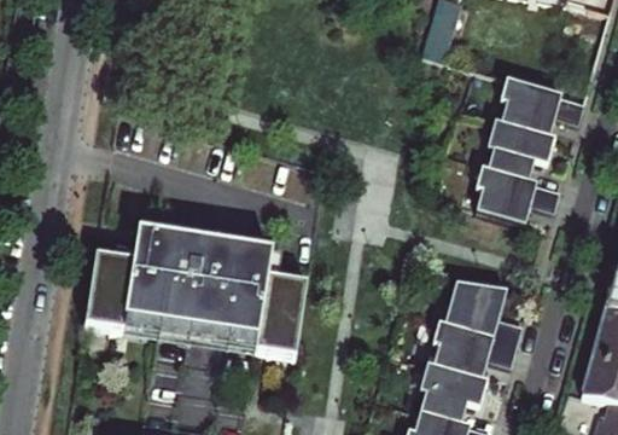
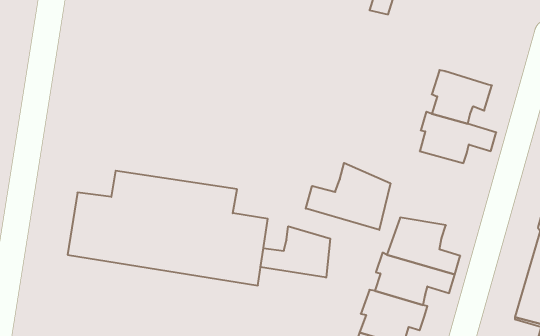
building: [505,80,587,137] -> none
building: none -> [306,163,390,230]
building: none -> [261,226,330,278]

